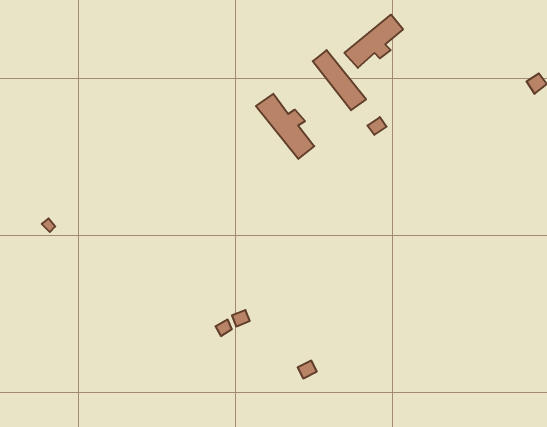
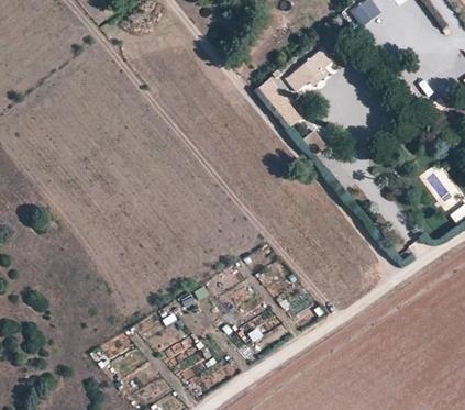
building: [256,94,314,159] -> none

